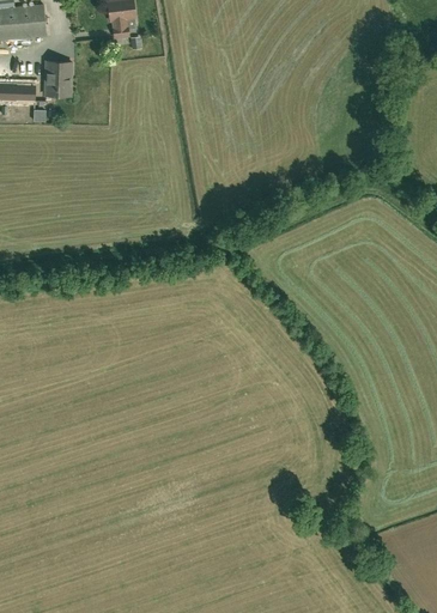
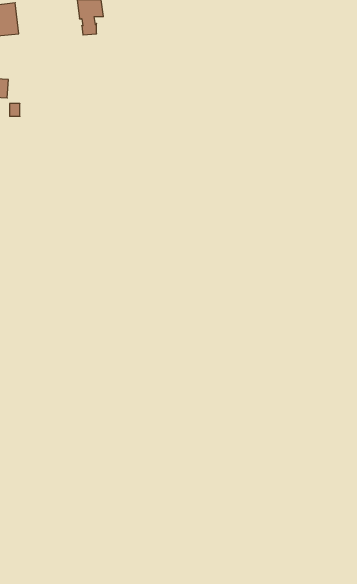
building: [44,61,71,96] -> none

